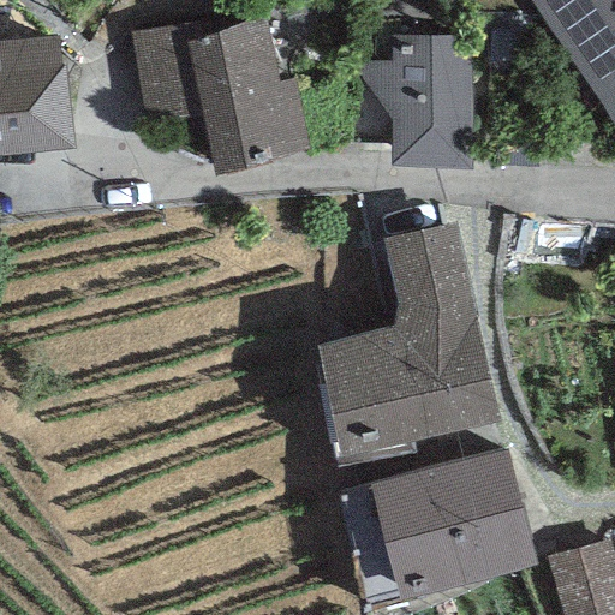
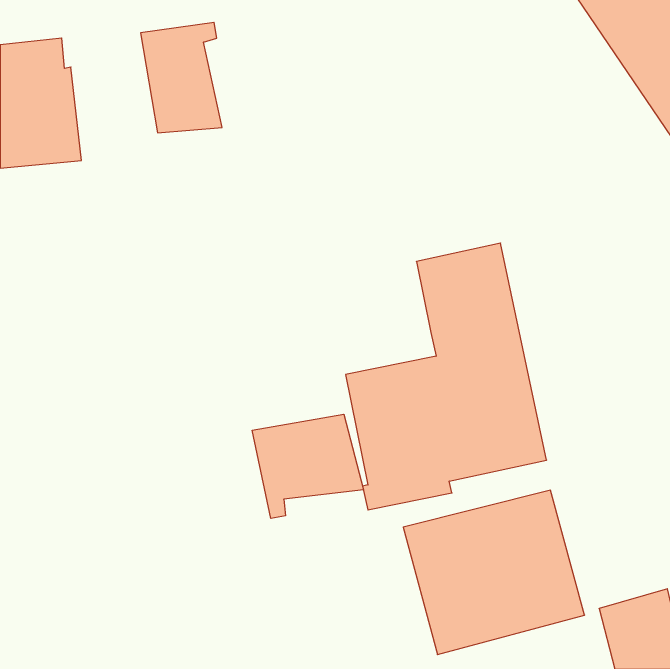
building: [187,20,311,172] -> none
building: [357,32,472,168] -> none
building: none -> [252,414,363,518]

